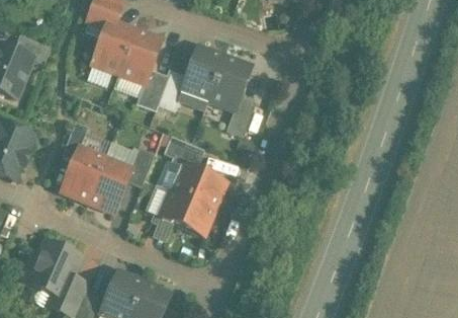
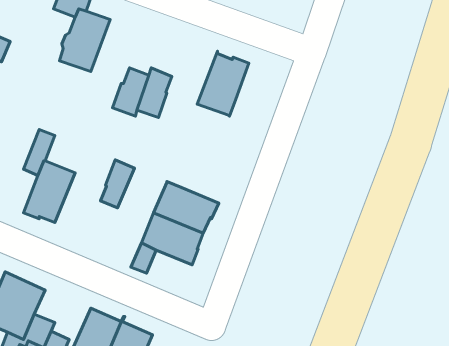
building: [119,28,163,82] -> none
building: [182,46,225,99] -> none
building: [226,95,257,136] -> none
building: [164,135,205,169] -> none
building: [89,157,132,212] -> none

